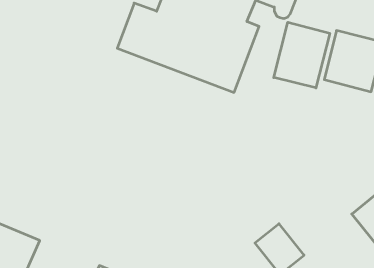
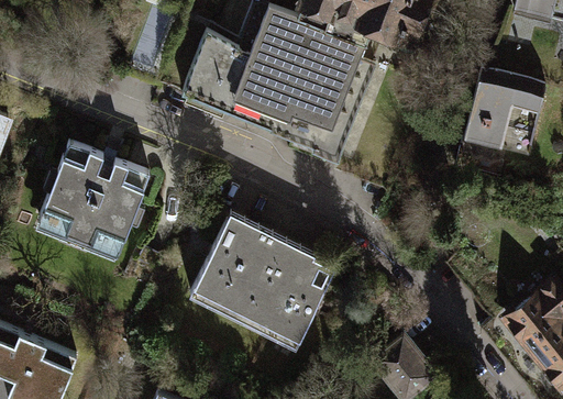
building: [274,22,330,88] -> none
building: none -> [37,143,150,252]
building: none -> [189,221,335,348]

